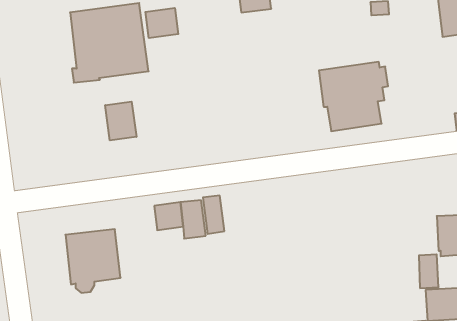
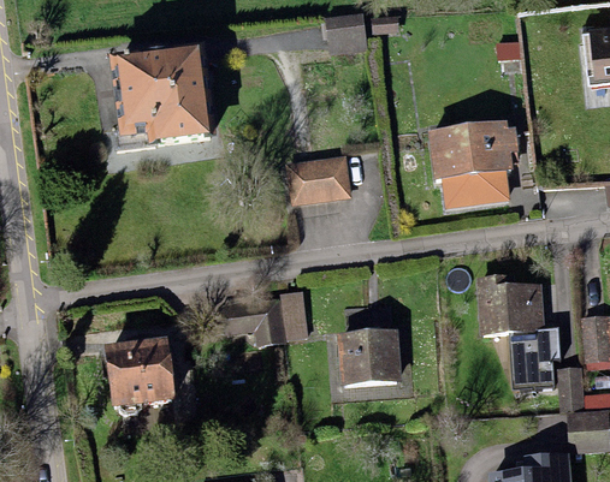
building: [145,8,178,38] -> none
building: none -> [285,155,351,207]
building: [105,102,136,140] -> none
building: none -> [478,275,561,388]
building: none -> [336,331,401,386]

